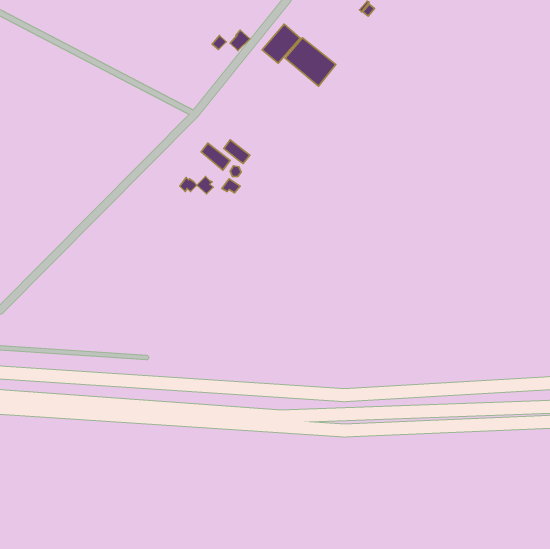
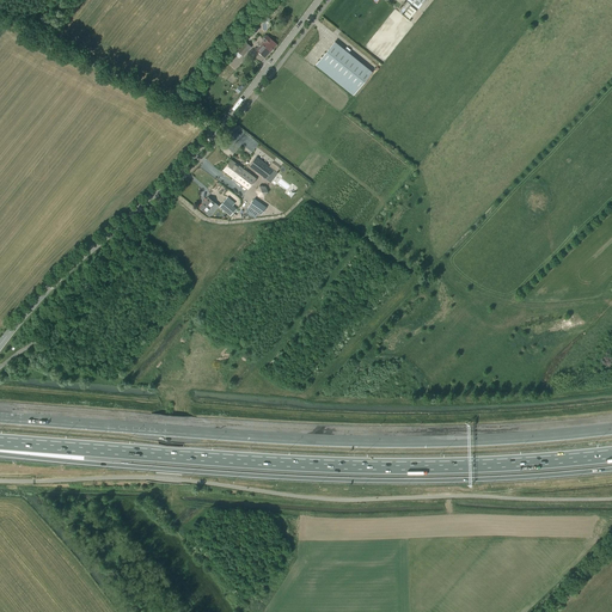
building: [262,24,300,63] -> none

